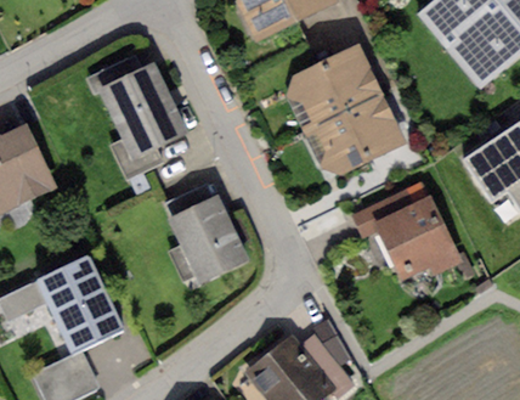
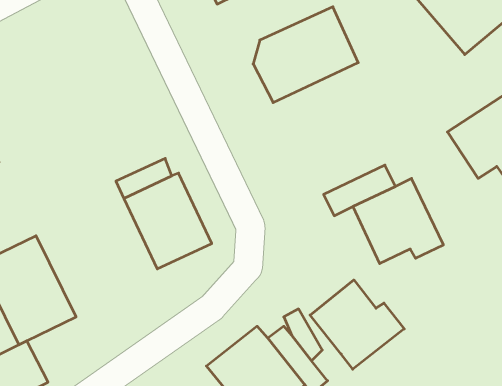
building: [100,62,186,181] -> none
building: [305,95,406,175] -> none
building: none -> [310,280,404,369]

